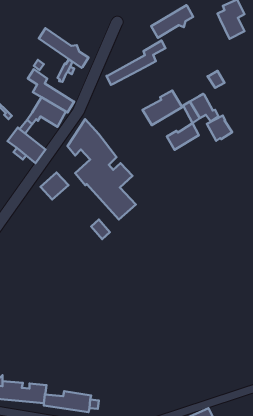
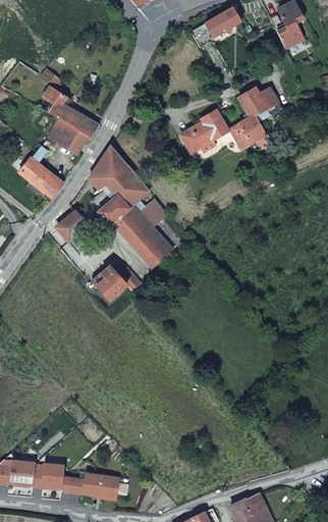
building: [39,28,88,68] -> none
building: [107,41,165,85] -> none
building: [207,115,232,141] -> [237,87,268,117]
building: [167,123,199,150] -> none
building: none -> [92,264,126,300]

